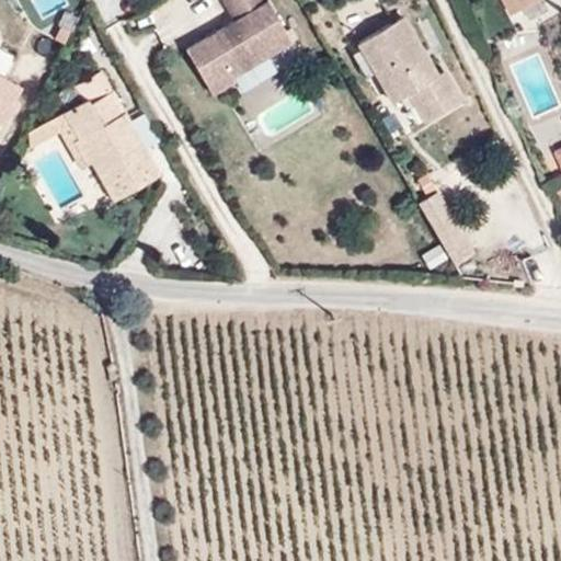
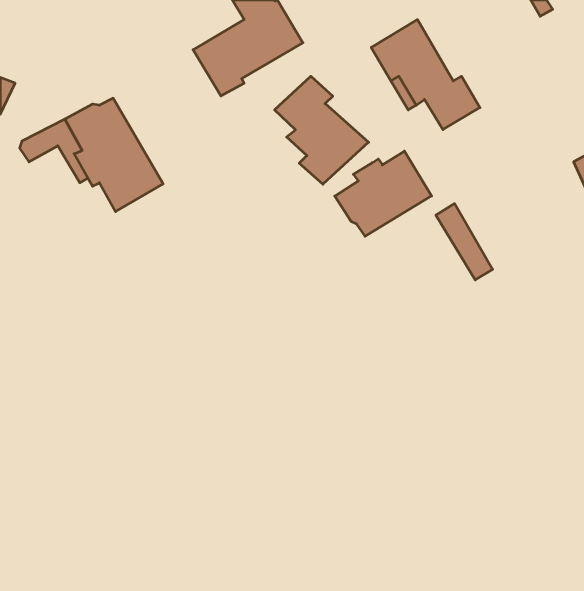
building: none -> [275,76,369,184]
building: none -> [335,151,432,236]

